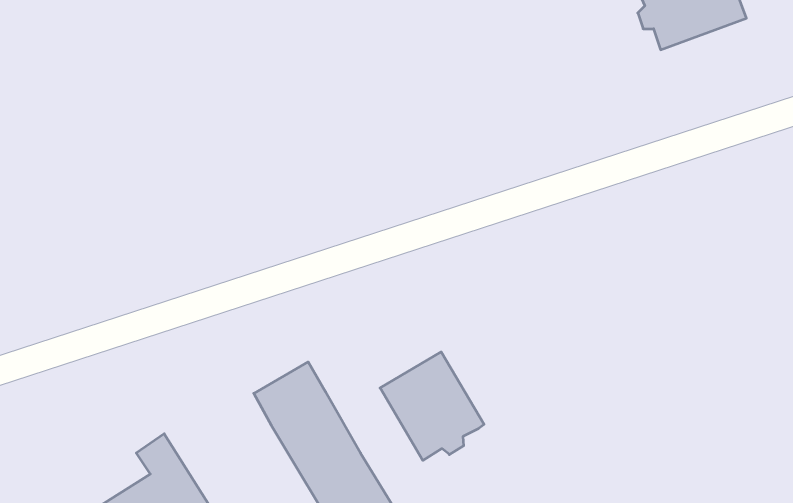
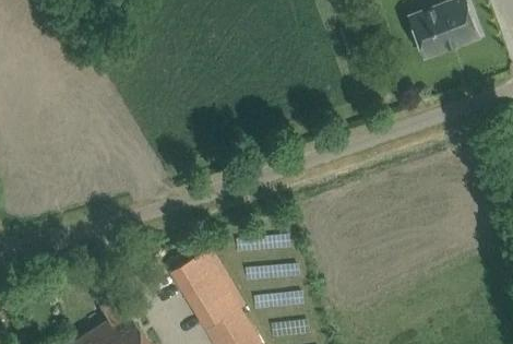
building: [380,352,484,460] -> none

